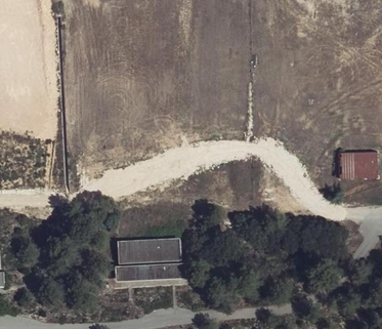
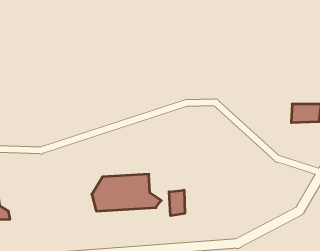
building: none -> [169,190,185,216]

